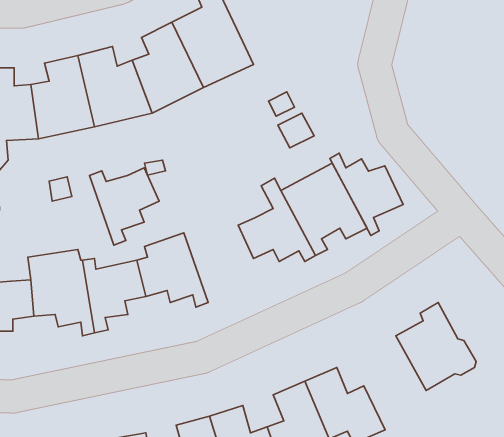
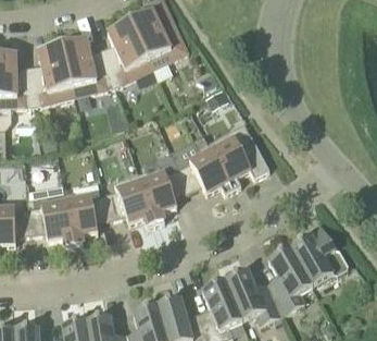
building: [330,153,403,235] -> none
building: [90,168,159,245] -> [138,165,188,220]
building: none -> [267,244,312,312]

